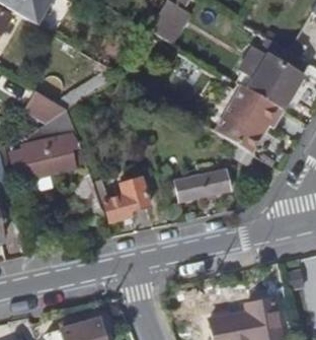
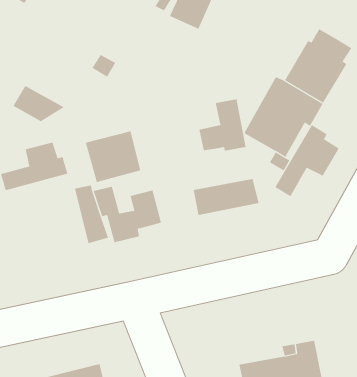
building: none -> [199,98,246,151]
building: none -> [275,124,339,197]
building: none -> [85,130,141,183]

